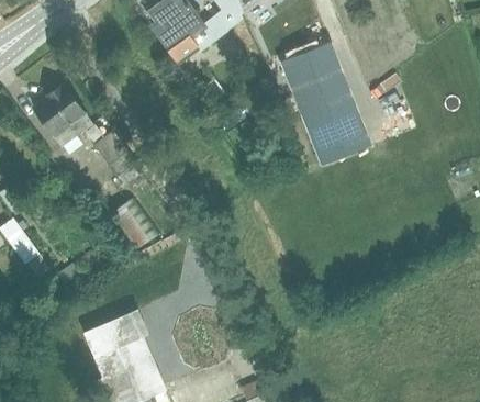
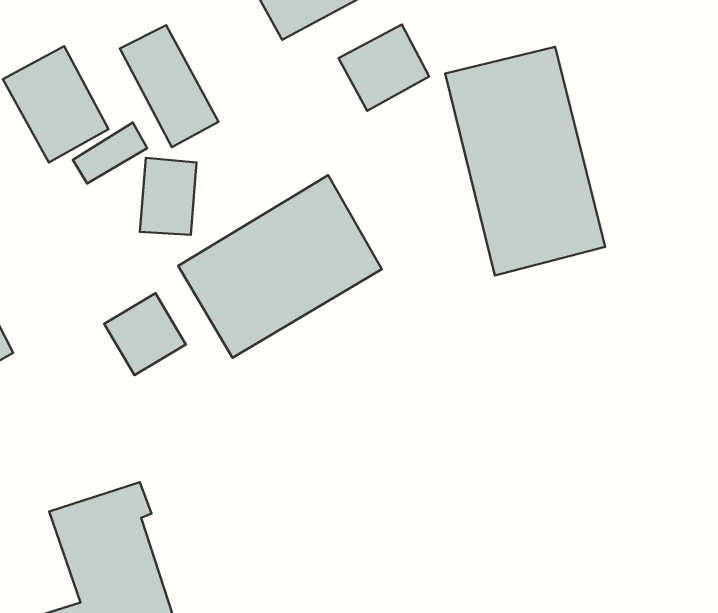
building: none -> [338,24,429,111]
building: none -> [120,25,218,147]
building: none -> [178,175,382,358]

